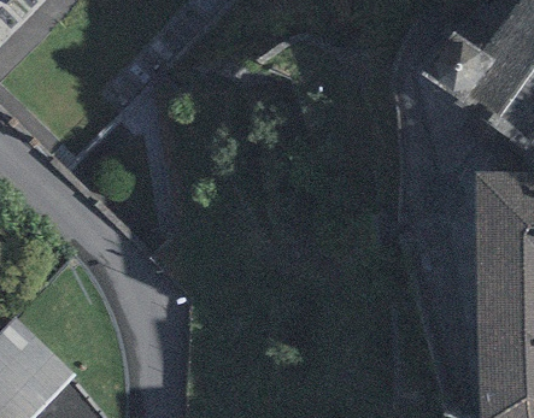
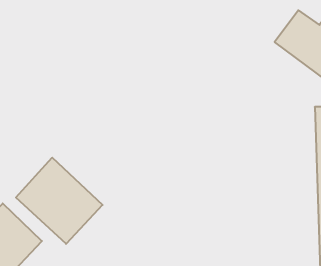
building: none -> [16,158,103,244]

